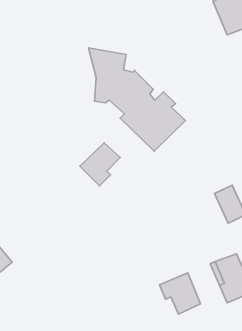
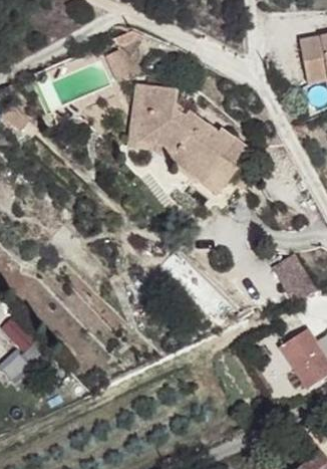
building: [80,143,120,186] -> none
building: [159,273,200,314] -> none

